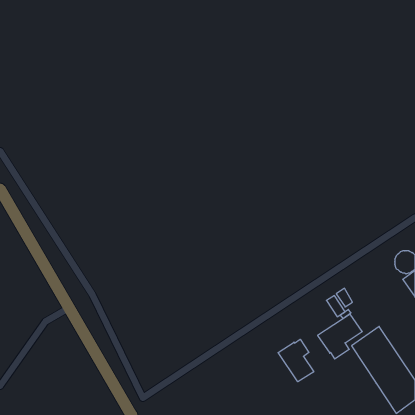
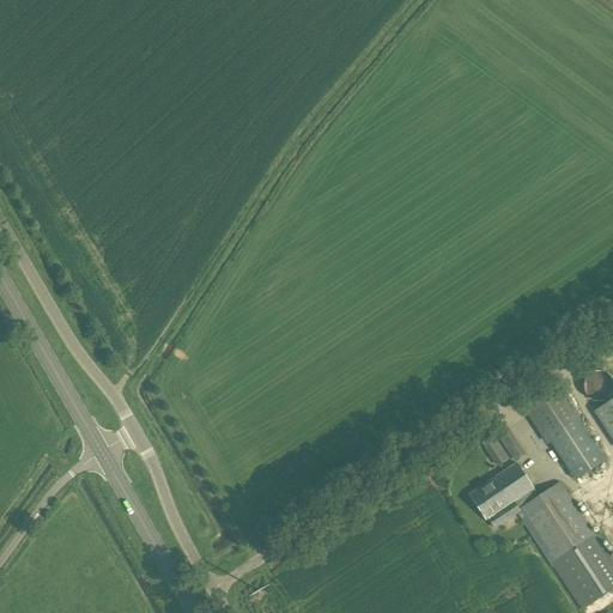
building: none -> [530,393,606,480]
building: [278,339,314,382] -> none

